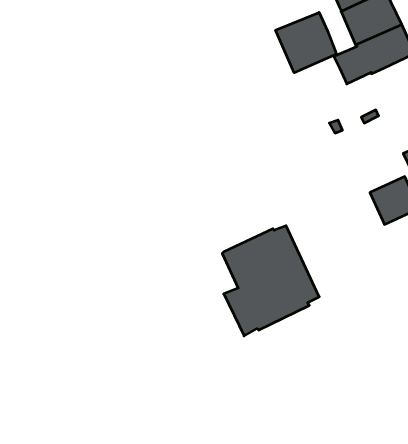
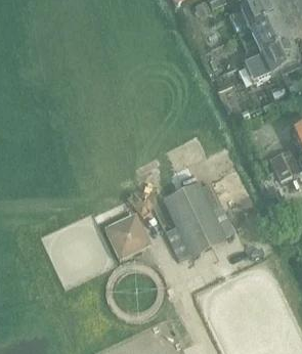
building: [276,12,337,73] -> none
building: none -> [103,212,153,260]

